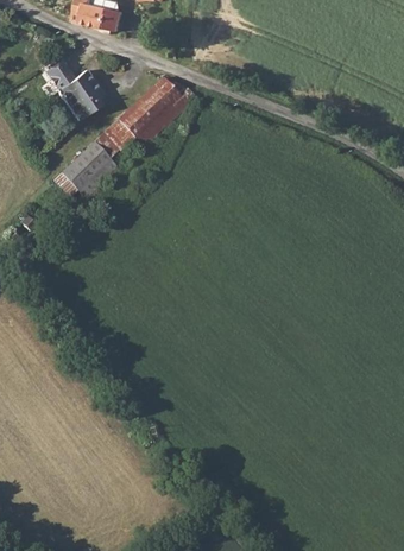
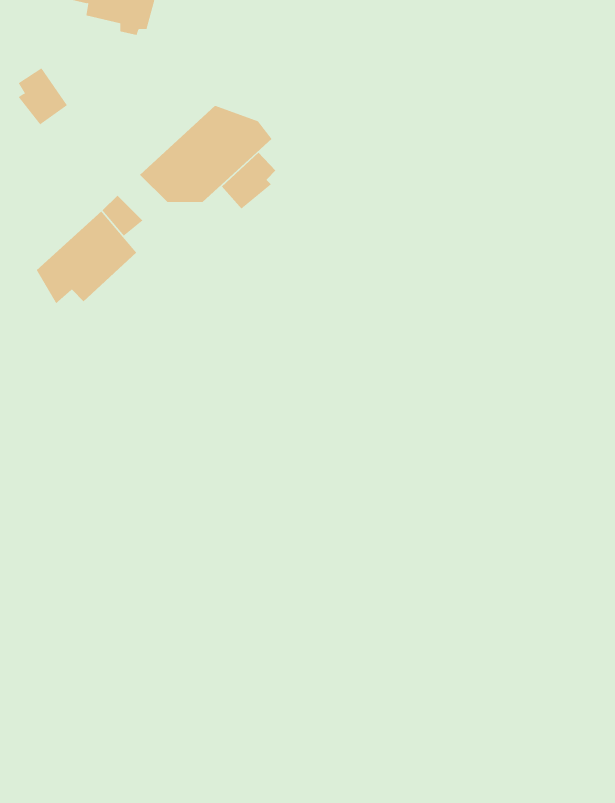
building: [57,69,102,121] -> none
building: none -> [221,152,276,210]

